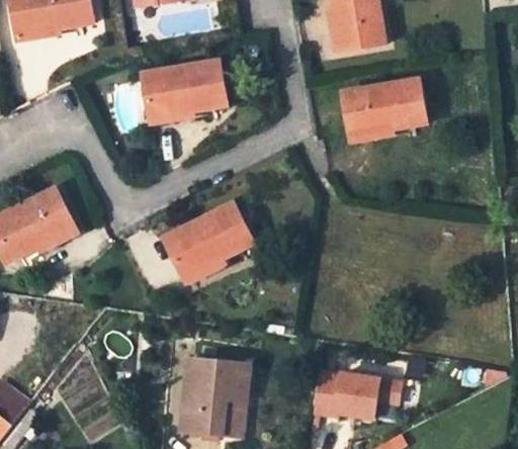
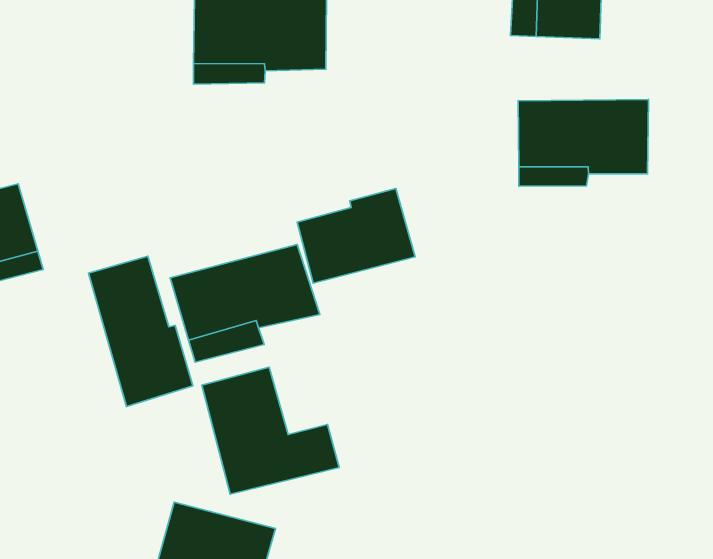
building: none -> [297,188,415,283]
building: none -> [89,256,193,406]
building: none -> [202,367,339,494]

